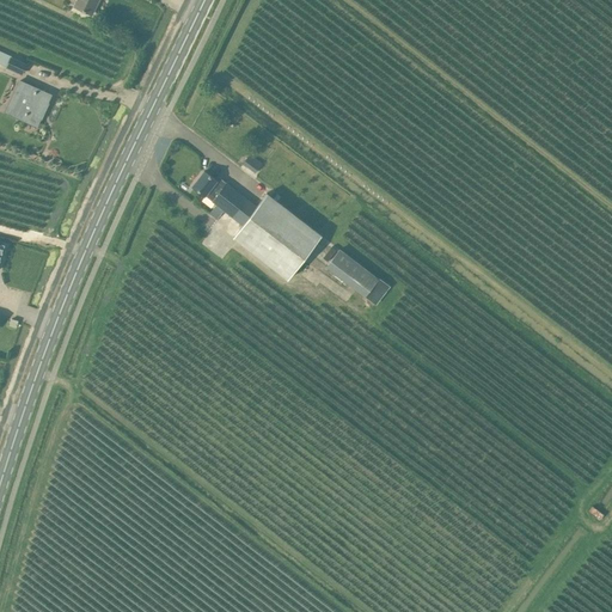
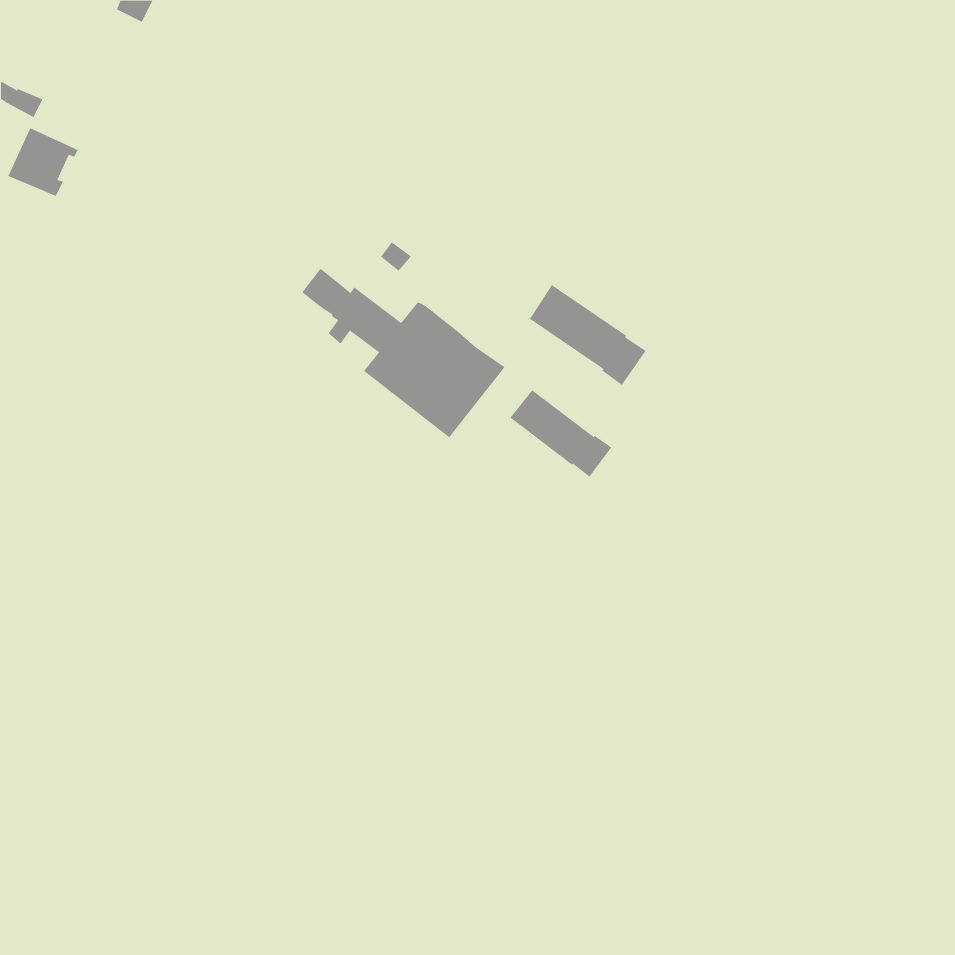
building: none -> [529,284,646,386]

